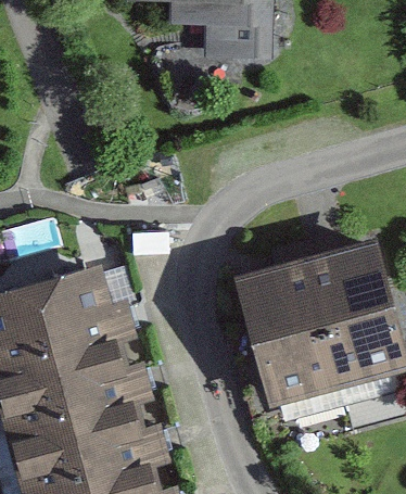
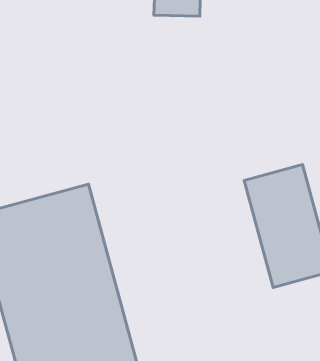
building: [233,262,341,413] -> none

